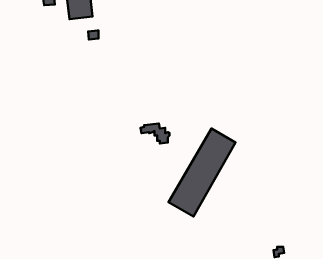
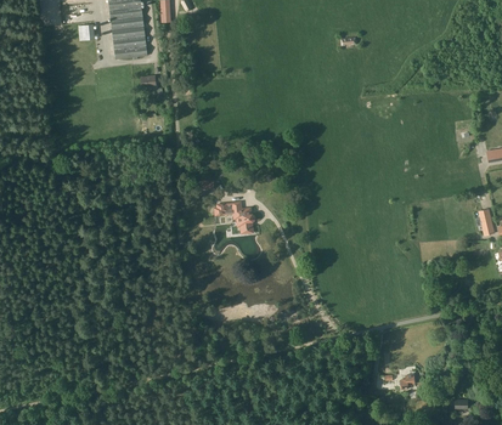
building: [168,128,236,216] -> none

